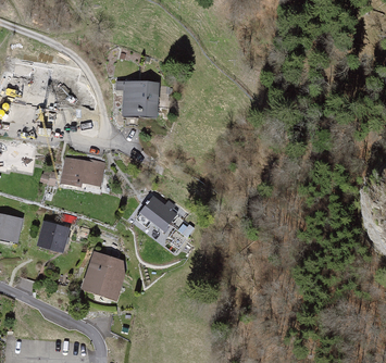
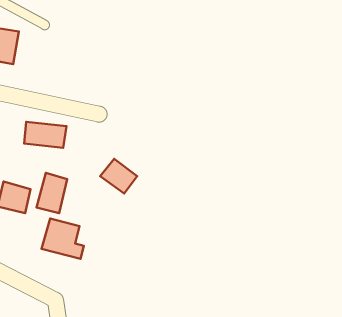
building: [124,86,160,121] -> none
building: none -> [36,173,67,213]

